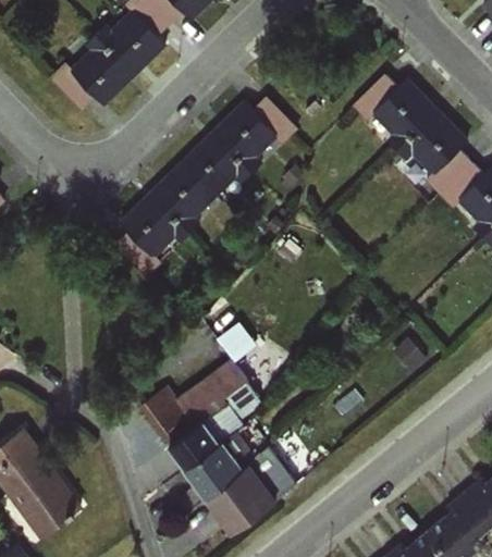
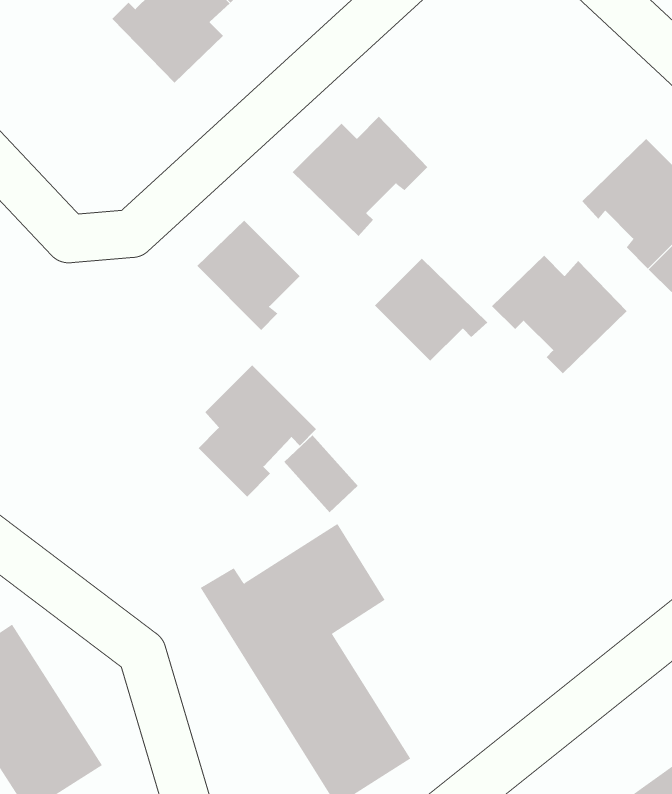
building: [48,34,134,110] -> none
building: [348,74,435,150] -> [491,255,627,374]
building: [179,132,251,198] -> [374,258,488,362]
building: [113,191,189,276] -> [198,365,317,497]

